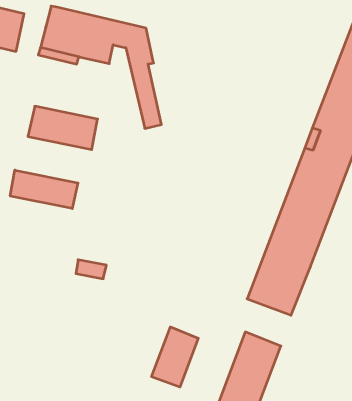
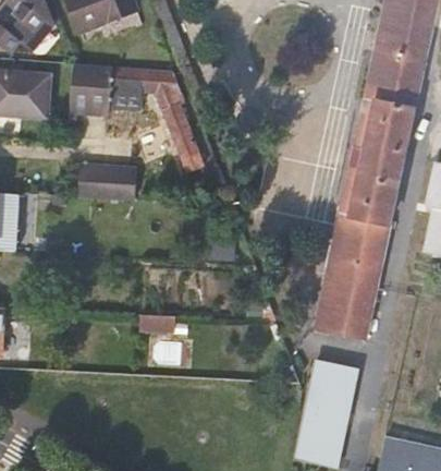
building: [10,170,78,209] -> none
building: [152,327,198,387] -> none

